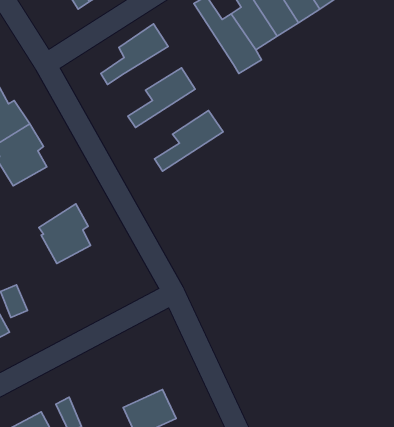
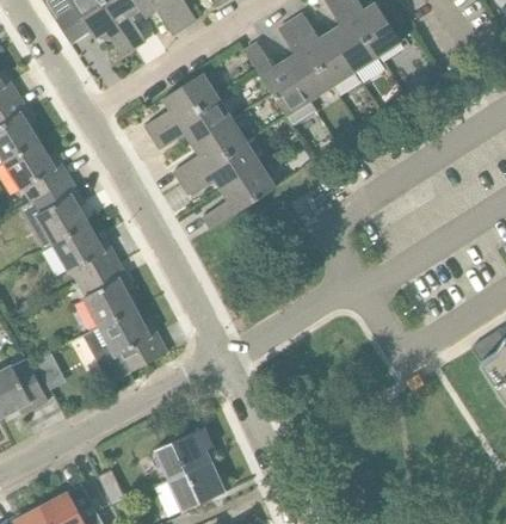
building: none -> [152,95,230,148]
building: none -> [181,141,259,193]
building: none -> [51,223,118,288]
building: none -> [82,307,166,382]
building: none -> [154,426,212,479]

